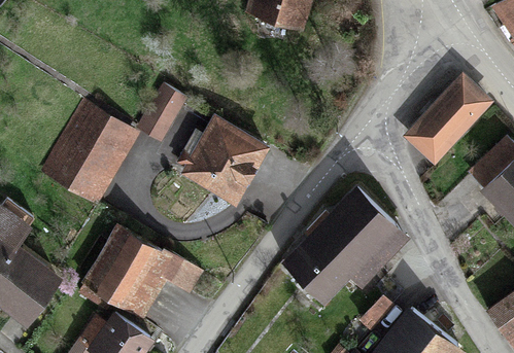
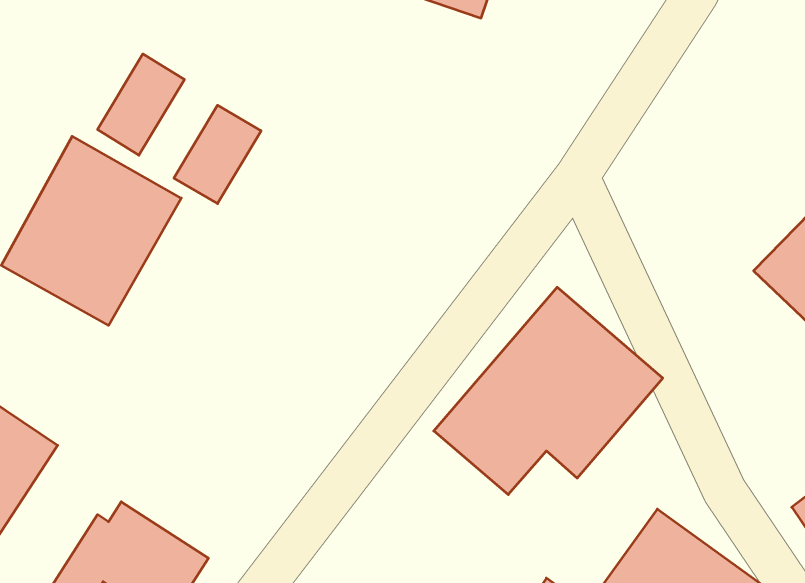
building: none -> [98,54,184,155]
building: [399,72,487,165] -> none
building: [180,112,274,206] -> none
building: [84,224,185,316] -> none

